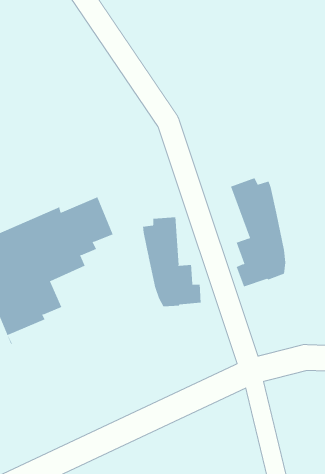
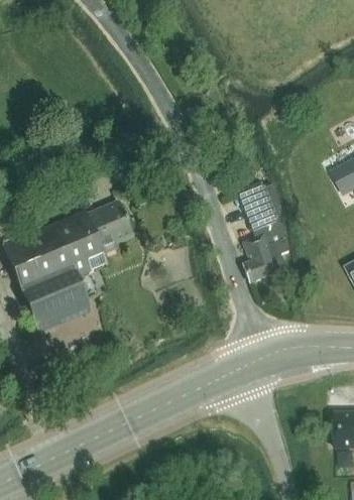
building: [143,217,201,307] -> none

